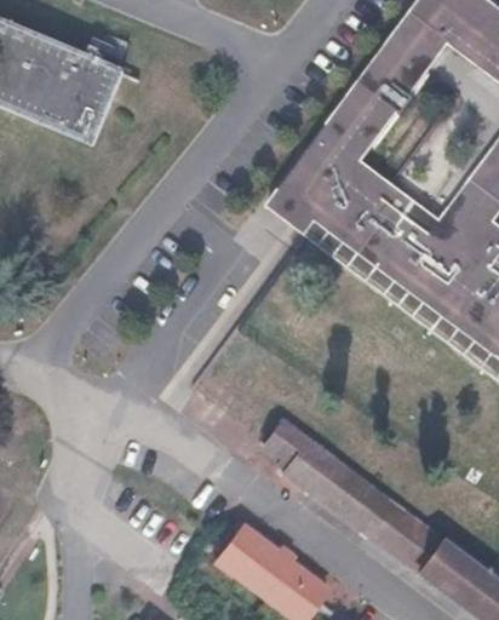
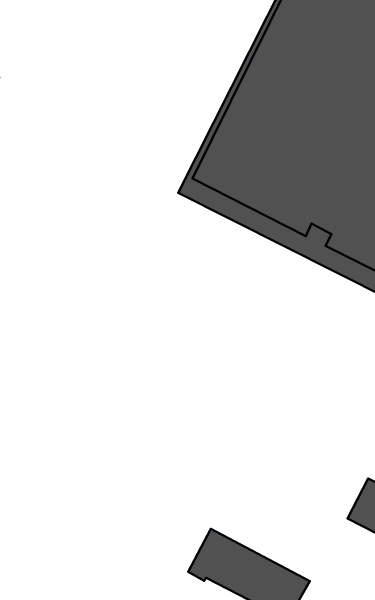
building: [264,418,396,536] -> none

